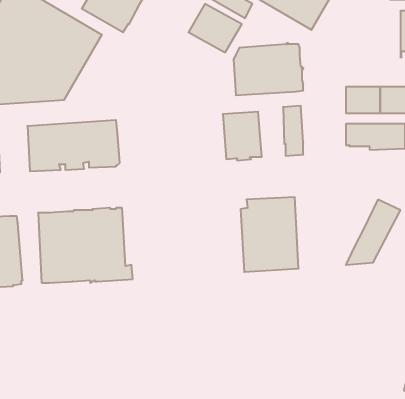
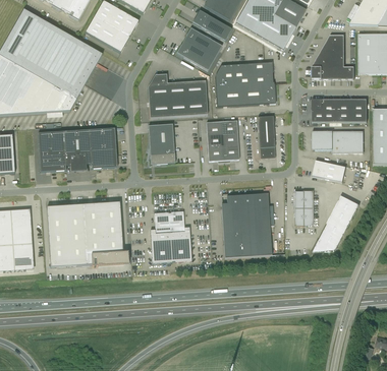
building: none -> [312,35,353,78]
building: none -> [148,73,208,117]
building: none -> [148,123,175,164]
building: none -> [312,160,345,181]
building: none -> [293,190,313,225]
building: none -> [150,210,191,263]

